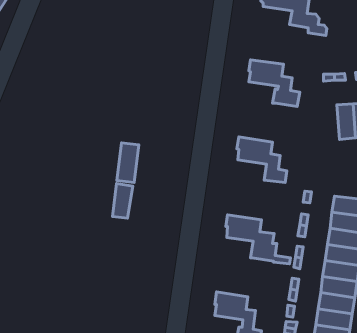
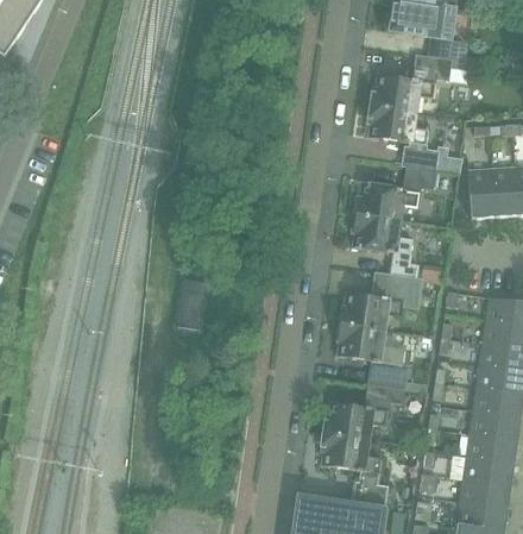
building: none -> [371,54,452,111]
building: none -> [354,165,436,220]
building: none -> [467,168,496,218]
building: [117,143,139,183] -> none
building: none -> [339,271,422,329]
building: none -> [323,383,403,438]

